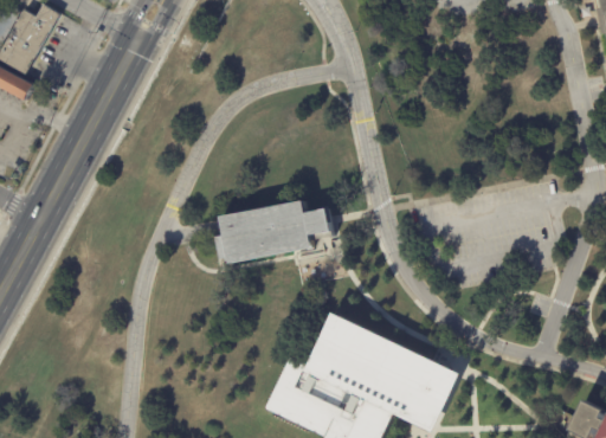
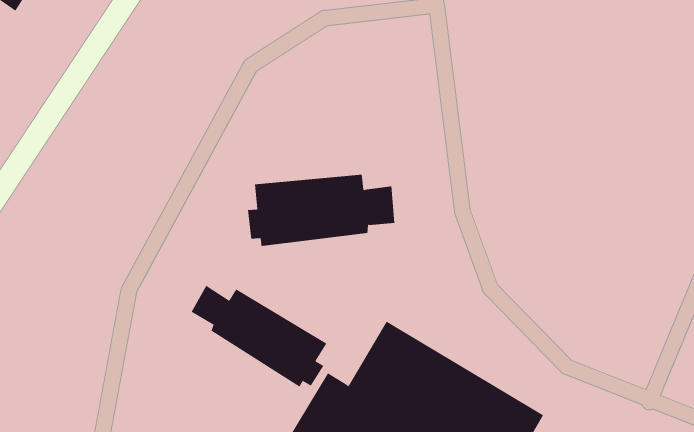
building: none -> [191,285,327,387]

